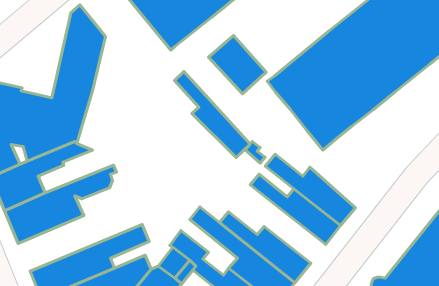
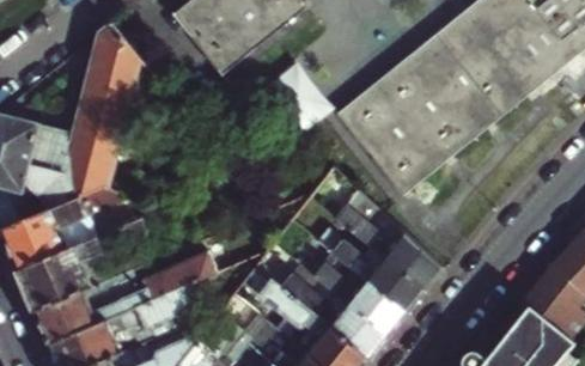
building: [175,72,250,158] -> none
building: none -> [298,250,407,335]
building: none -> [36,254,219,344]

